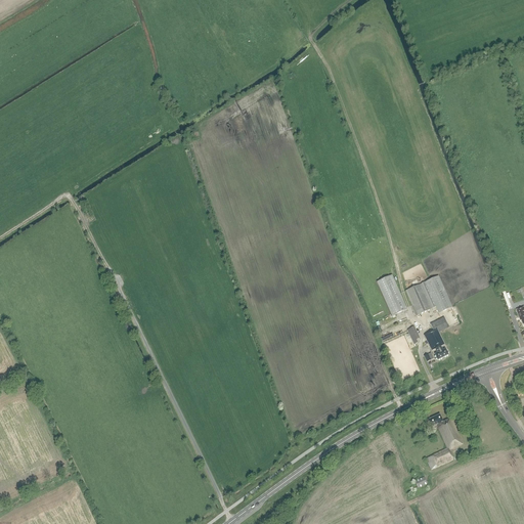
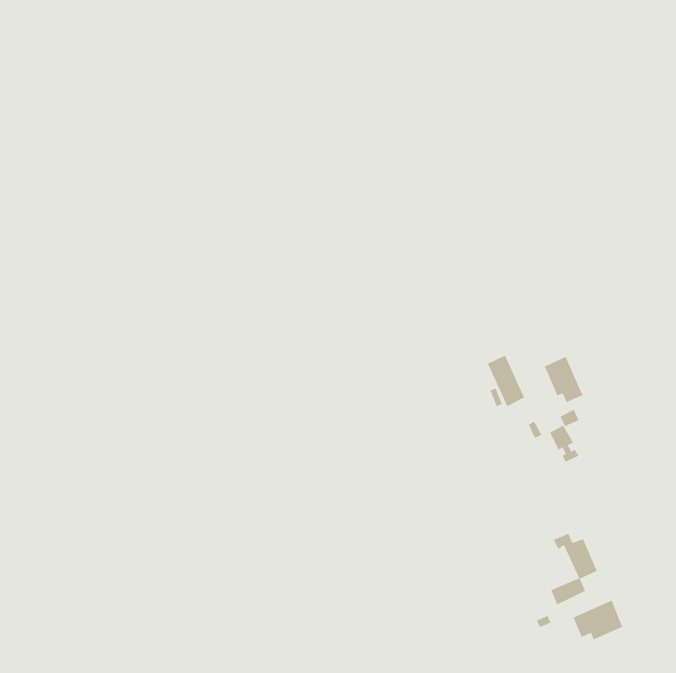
building: [405,283,431,314] -> none
building: none -> [573,600,623,640]

